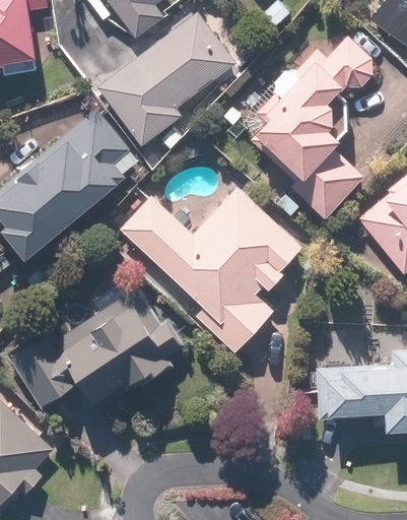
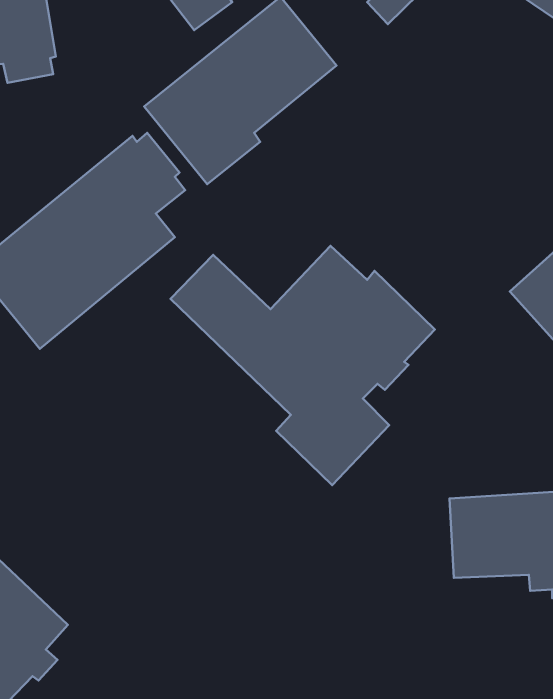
building: [250,36,376,215] -> none
building: [7,287,177,406] -> none

